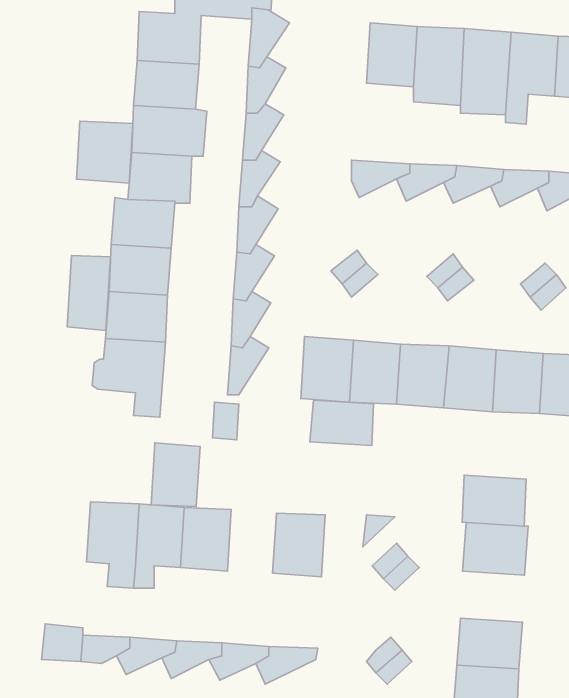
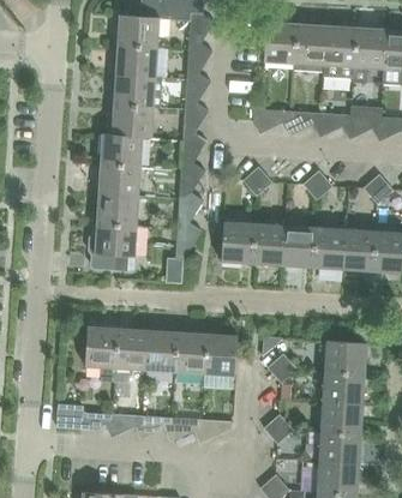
building: [77,121,133,183] -> none
building: [67,255,111,331] -> none
building: [310,400,374,445] -> none
building: [151,443,200,507] -> [175,332,206,373]
building: [462,475,526,526] -> [324,372,365,404]

